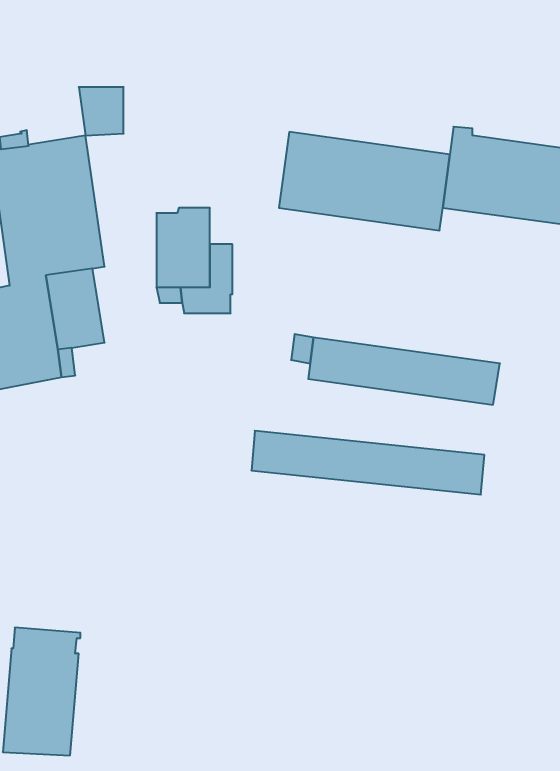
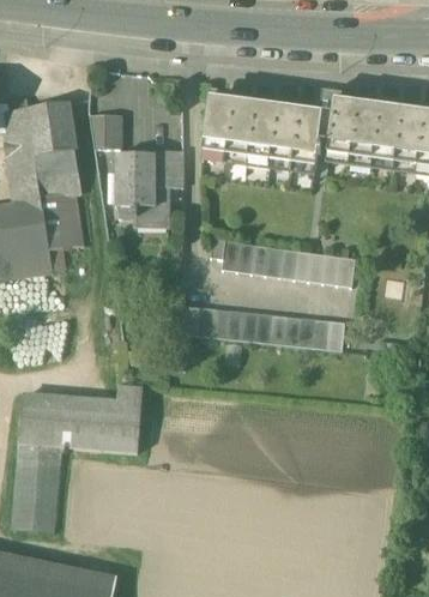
building: [79,87,124,135] -> [89,114,120,147]
building: none -> [153,150,182,186]
building: none -> [18,385,141,450]

